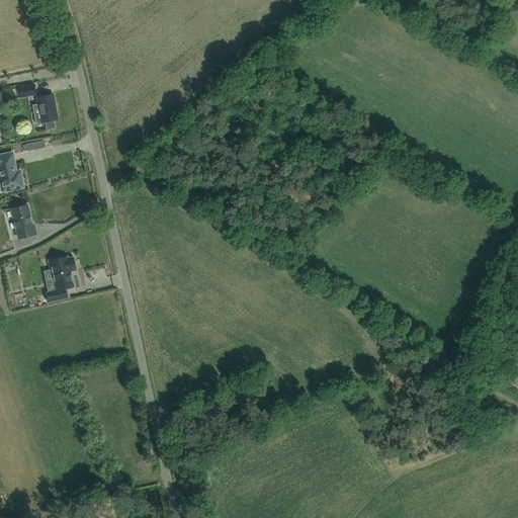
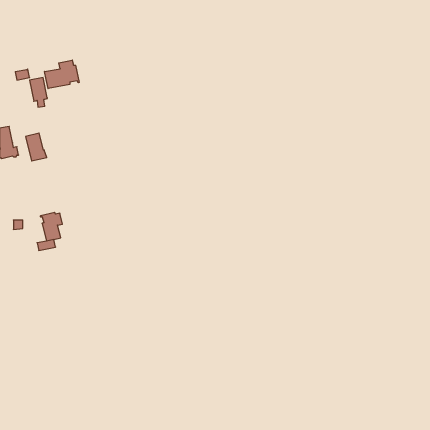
building: none -> [45,60,79,89]
building: [10,203,35,237] -> [26,133,47,161]

